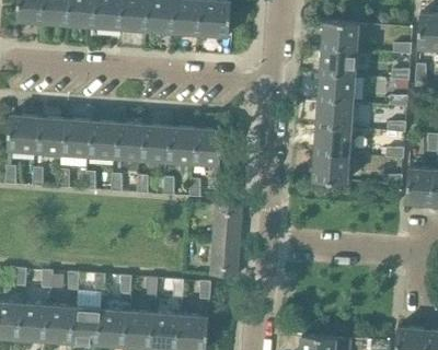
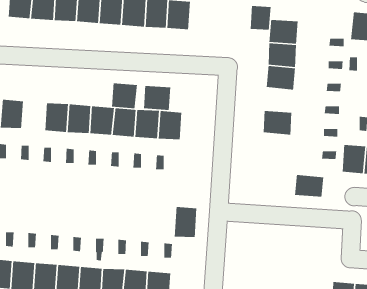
building: none -> [250,5,272,31]
building: none -> [111,83,138,109]
building: none -> [143,85,171,111]
building: [316,103,351,131] -> none
building: [34,118,62,153] -> none
building: [313,155,348,183] -> [294,174,324,198]
building: [214,206,241,243] -> none

